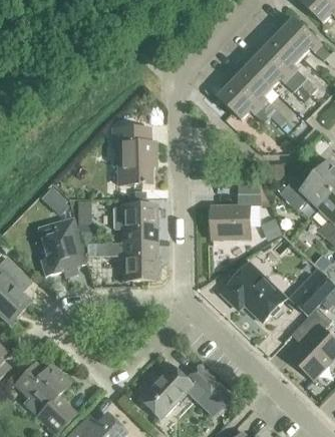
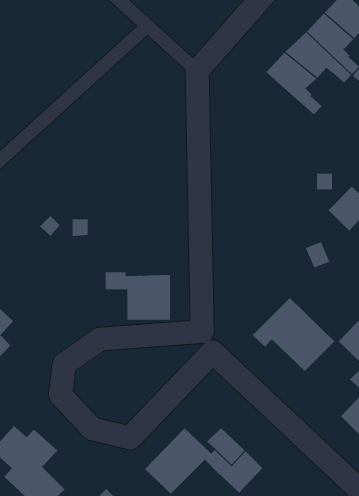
building: [219,83,270,123] -> none
building: [111,127,154,184] -> none
building: [213,183,262,238] -> none
building: [112,204,156,245] -> none
building: [36,216,80,277] -> none

